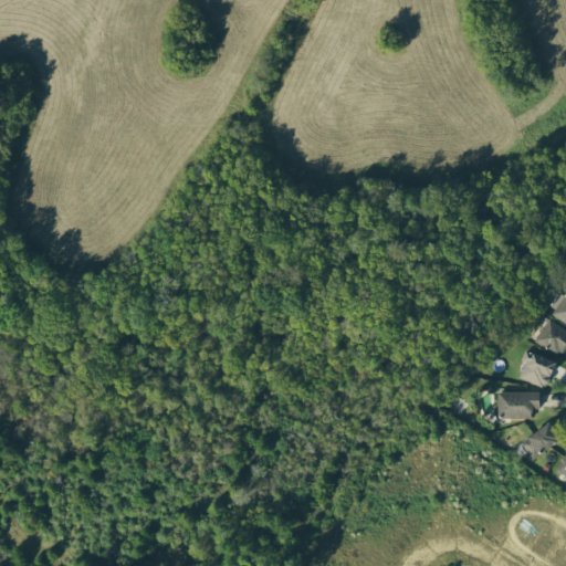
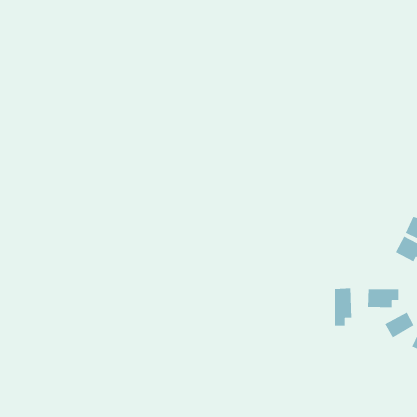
building: [520,349,556,387] -> none
building: none -> [334,288,352,326]

